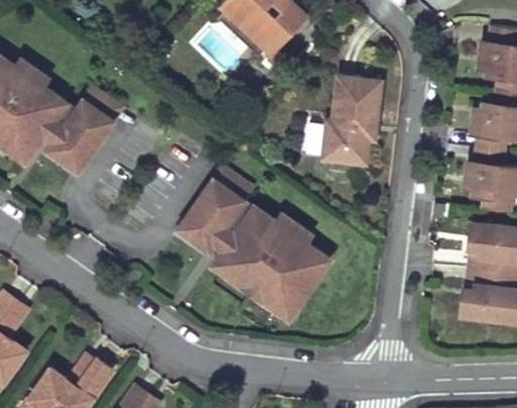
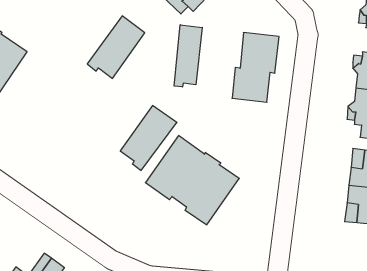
building: none -> [174,25,202,87]
building: [48,88,120,166] -> [87,16,145,78]

